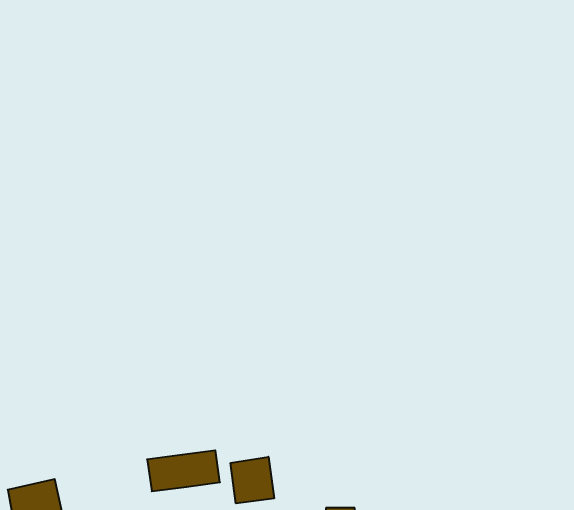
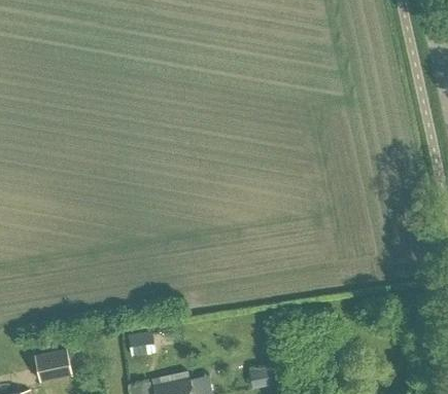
building: [231,457,274,503] -> none

